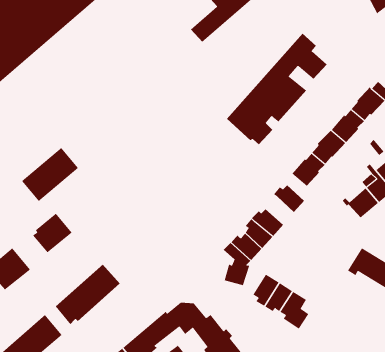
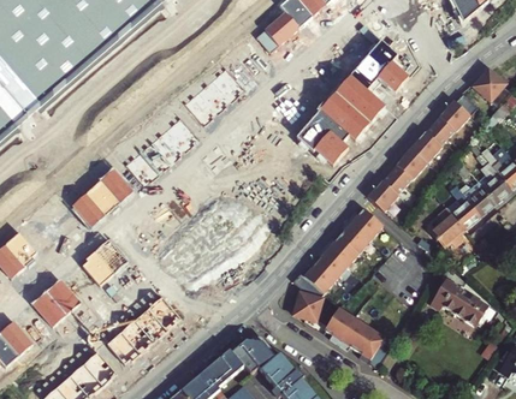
building: none -> [339,219,370,252]

